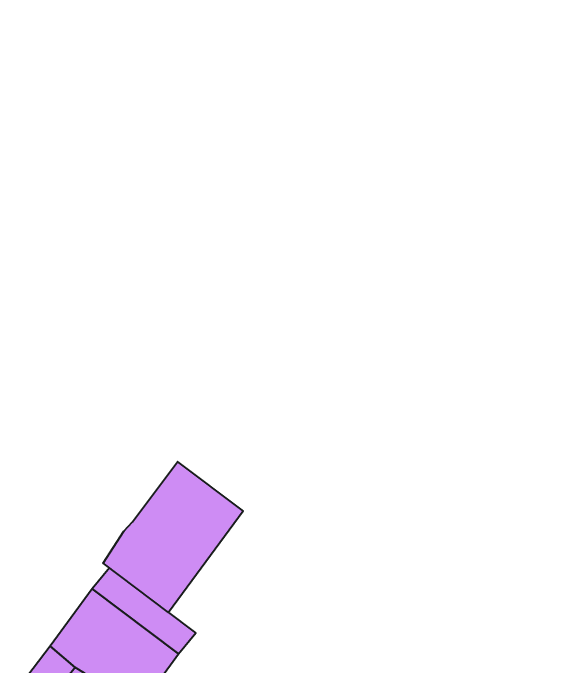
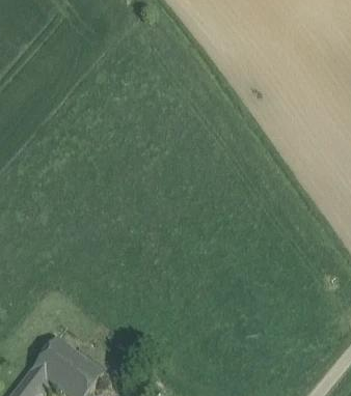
building: [103,462,243,613] -> none

